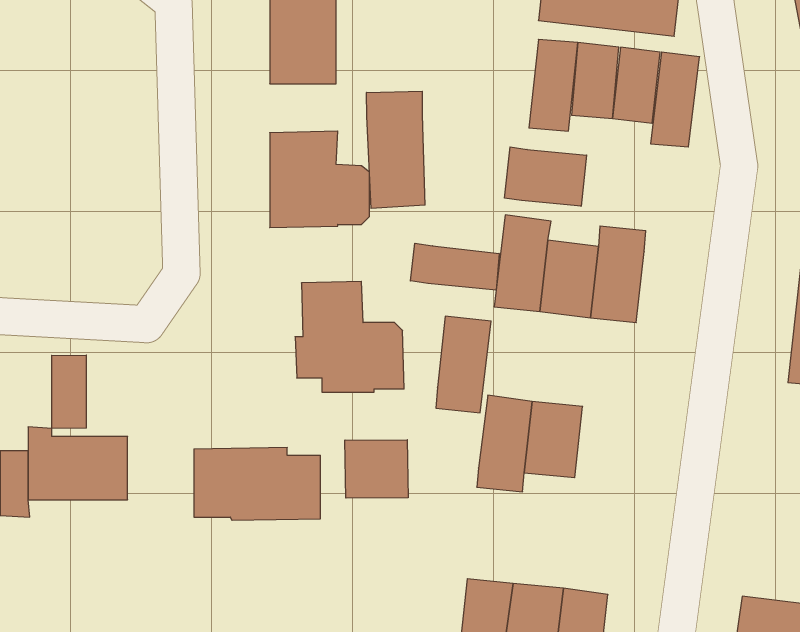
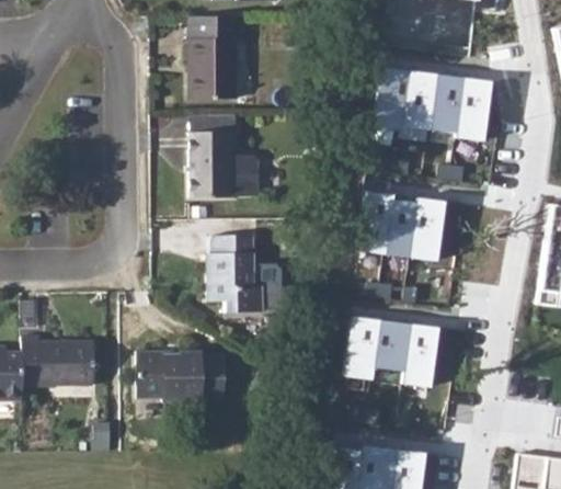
building: [367,91,425,208] -> none
building: [505,147,587,206] -> none
building: [410,243,499,290] -> none
building: [436,316,491,413] -> [402,321,440,388]
building: [52,355,86,429] -> none
building: [345,440,408,498] -> none

